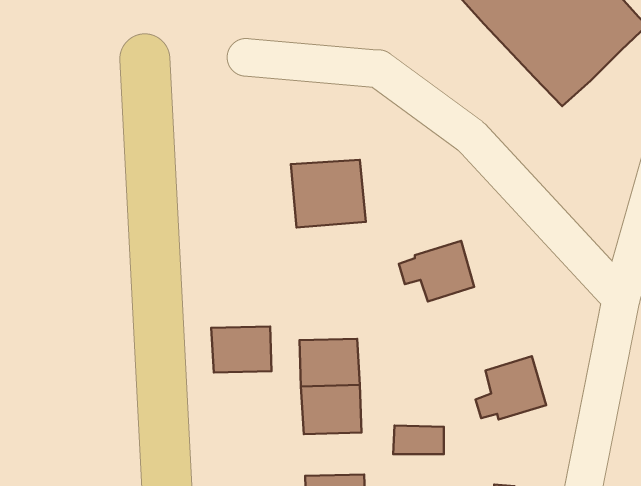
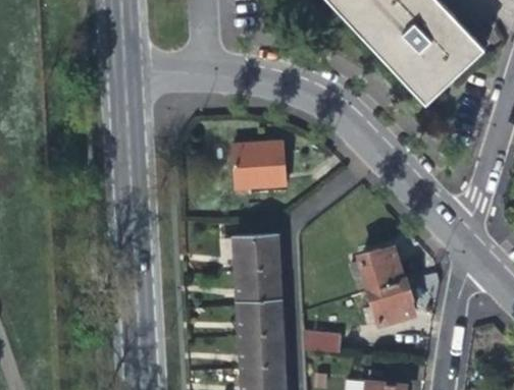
building: [399,241,474,301] -> [350,249,403,292]
building: [211,326,272,373] -> [237,238,279,271]
building: none -> [242,336,285,367]

